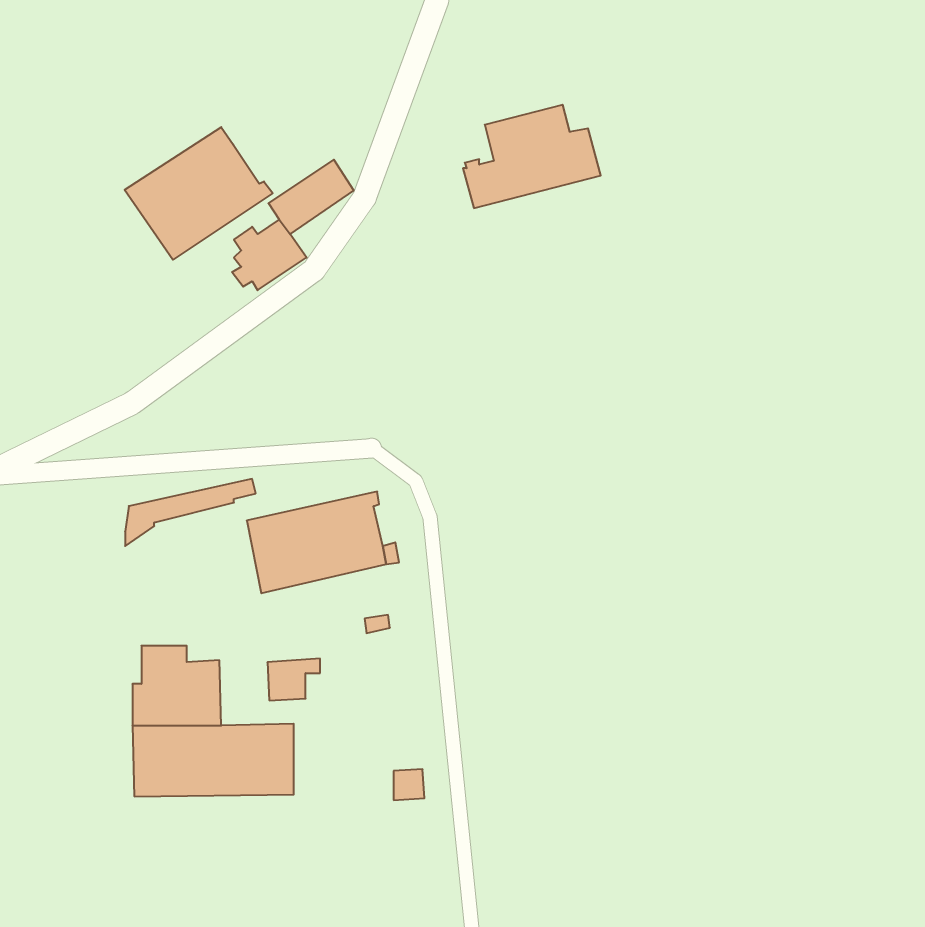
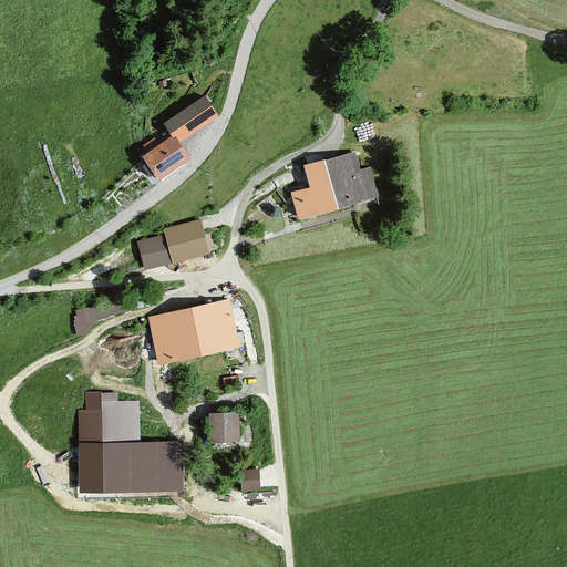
building: [463,105,601,208] -> [292,154,377,217]
building: [125,127,273,260] -> none
building: none -> [137,221,205,267]
building: [267,659,320,700] -> [212,413,244,439]

